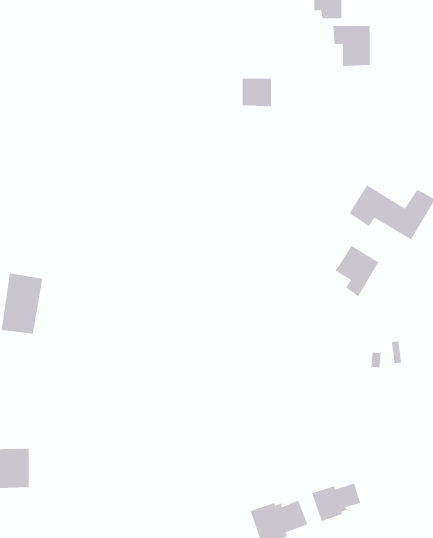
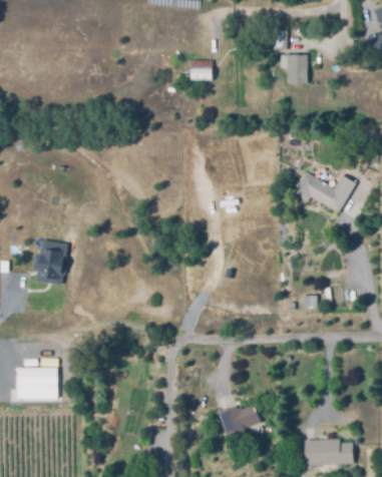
building: [242,78,272,107] -> [190,60,213,81]
building: [335,245,379,297] -> none
building: [311,483,361,522] -> none

